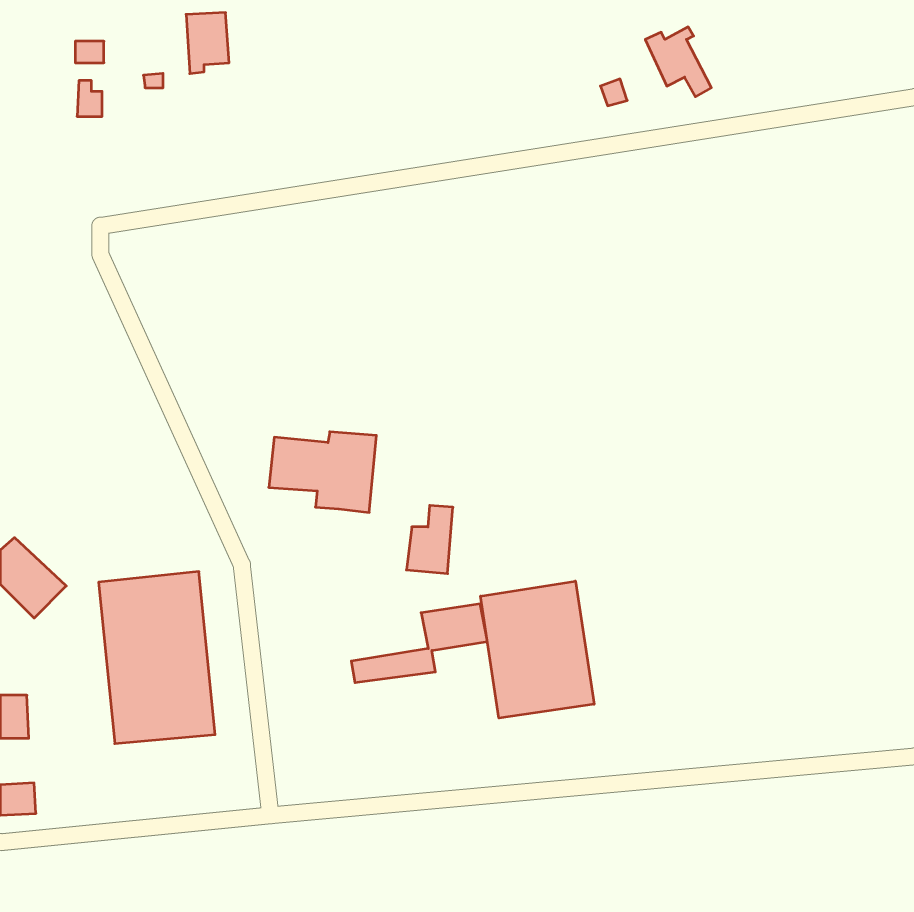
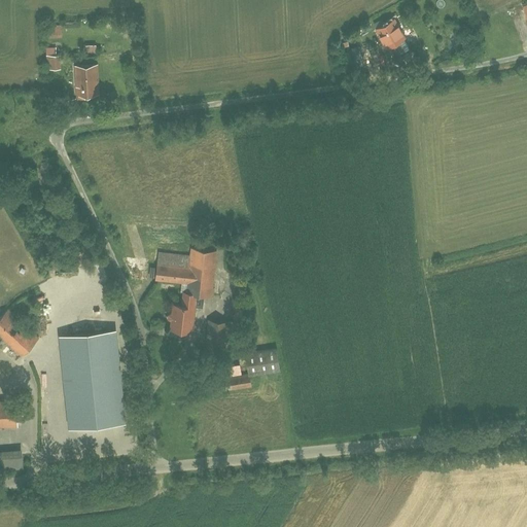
building: [186,13,229,74] -> [74,66,99,101]
building: [406,505,453,574] -> [169,293,196,332]
building: [481,581,594,718] -> none

